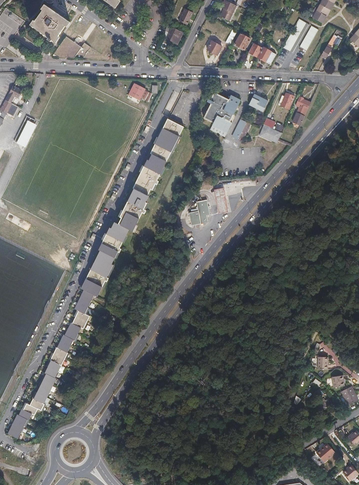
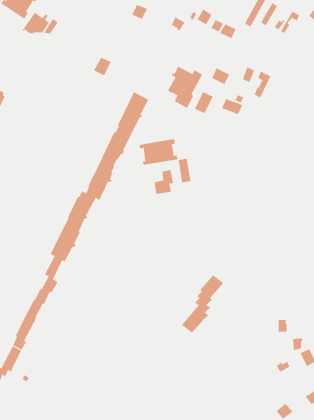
building: none -> [139,138,178,166]
building: none -> [181,274,224,333]

